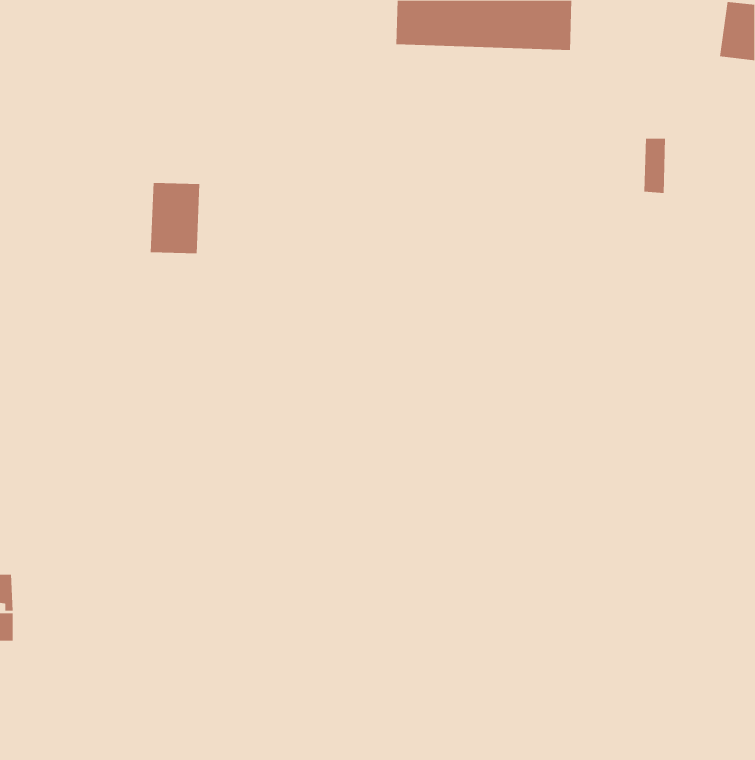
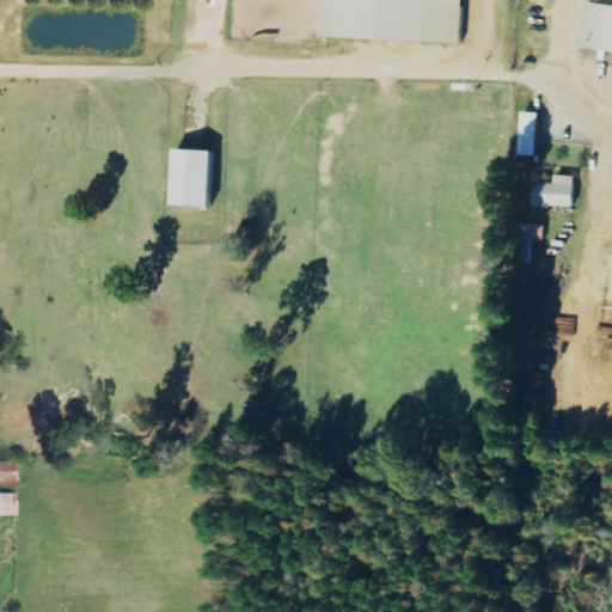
building: [150,182,200,254] -> [170,148,210,206]
building: none -> [531,175,573,206]

